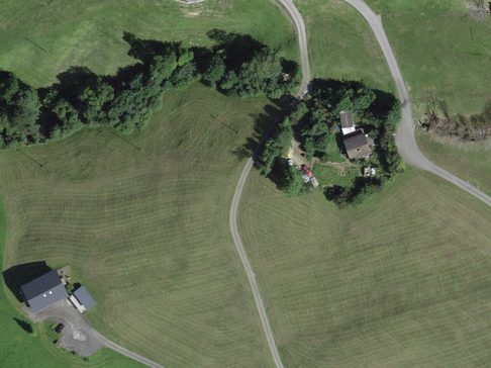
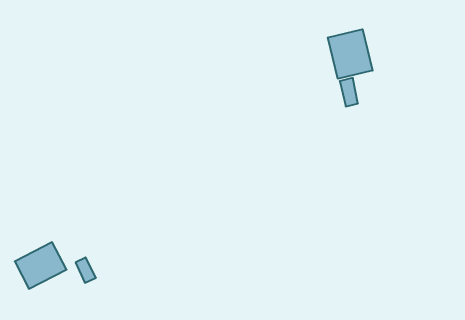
building: none -> [328,29,373,79]
building: [347,130,374,157] -> none

